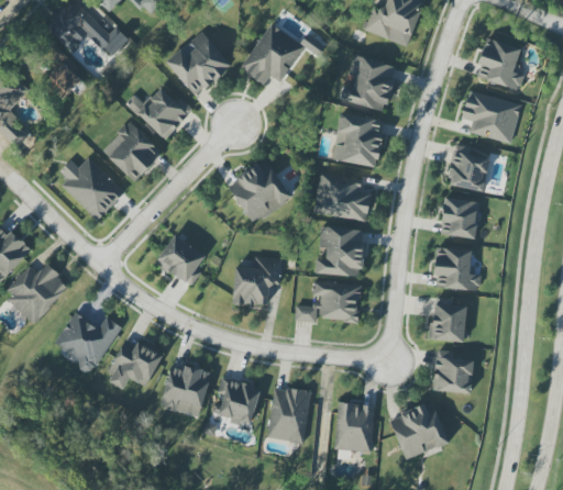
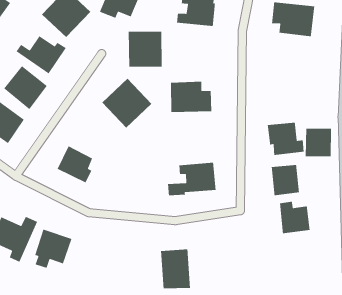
building: [332,113,383,167] -> [128,31,163,67]
building: [445,148,490,192] -> none
building: [439,197,479,240] -> [305,128,332,157]
building: [314,226,364,277] -> none
building: [232,257,282,305] -> none
building: [158,361,211,417] -> none
building: [211,378,261,425] -> none
building: [334,402,374,452] -> none
building: [389,402,448,459] -> none

